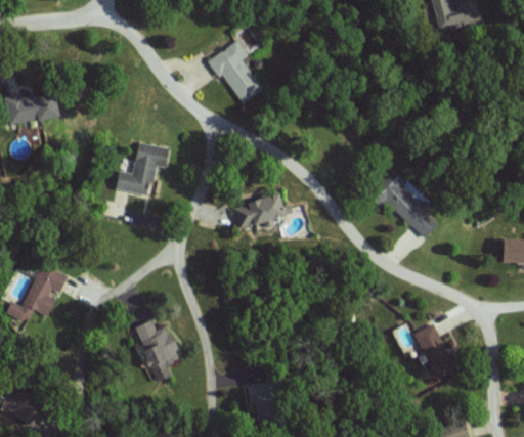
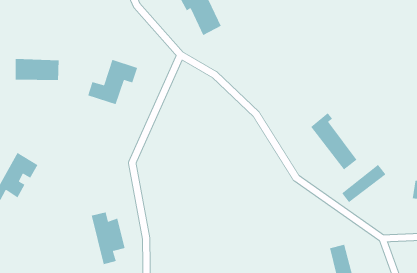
building: [6,93,60,123] -> [15,58,60,81]
building: [230,189,289,233] -> none
building: none -> [341,164,387,203]

